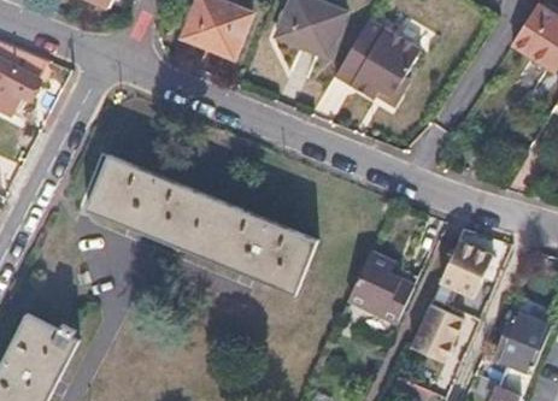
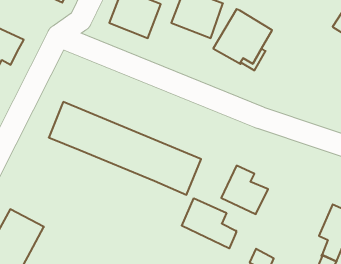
building: [439,237,493,296] -> none
building: none -> [182,198,236,248]
building: [410,301,464,360] -> none

